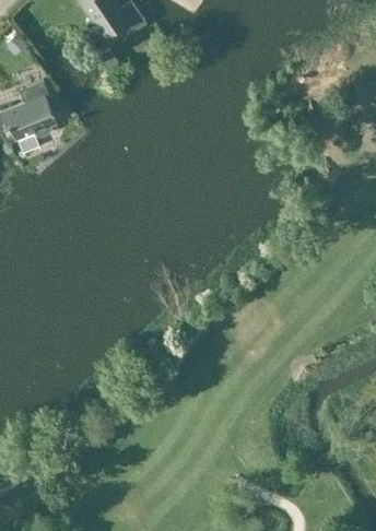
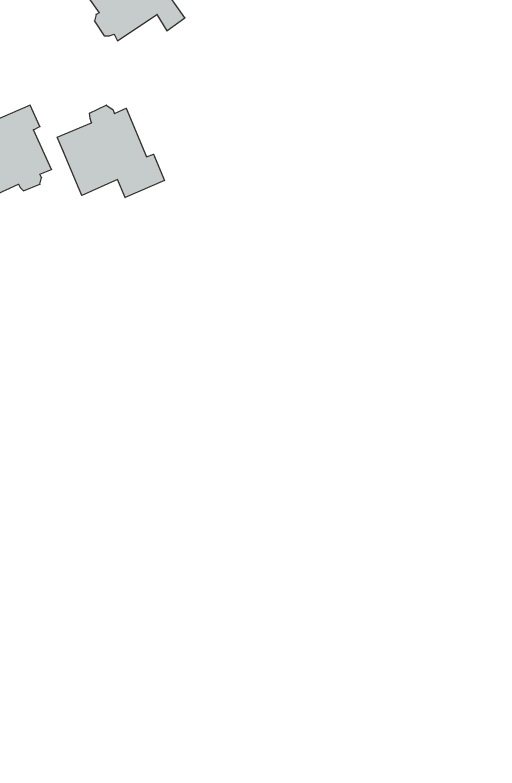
building: none -> [57,105,164,198]

